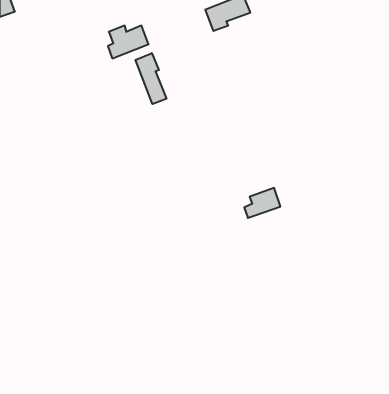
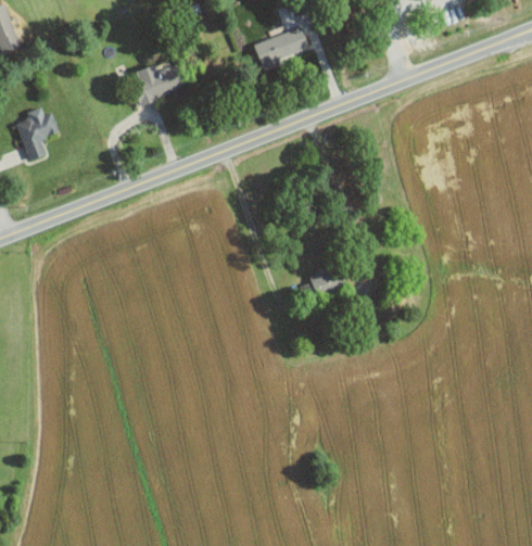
building: [135,53,166,104] -> none
building: none -> [15,107,59,161]

